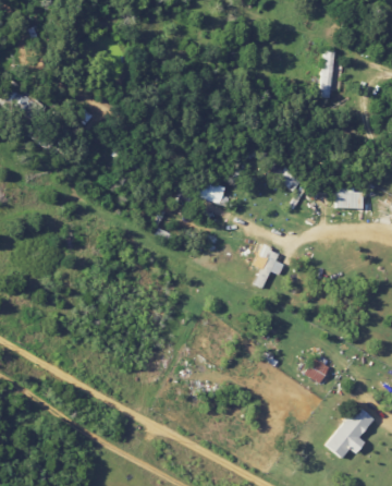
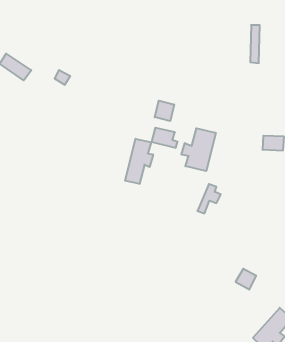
building: none -> [155,101,174,121]
building: none -> [181,128,216,171]
building: none -> [125,139,153,184]

